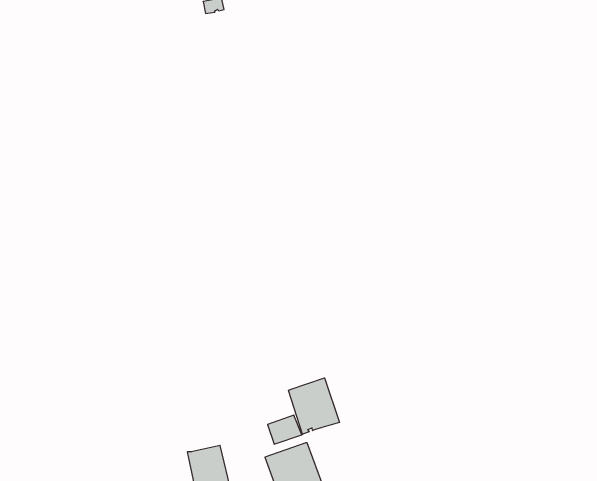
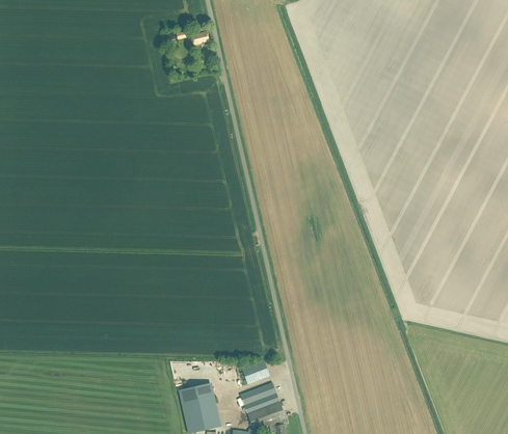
building: [288,378,339,434] -> none

